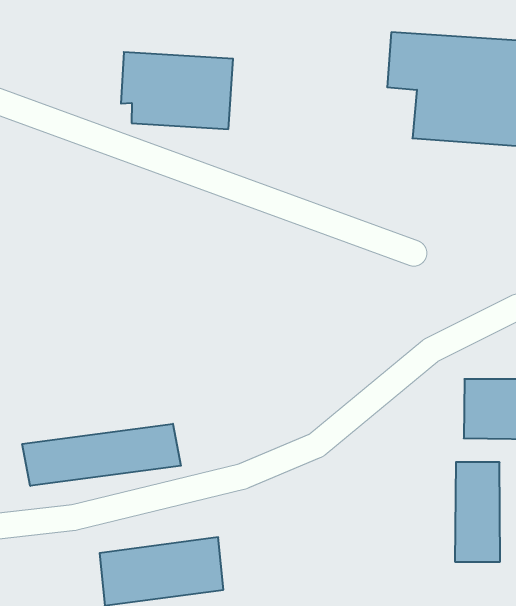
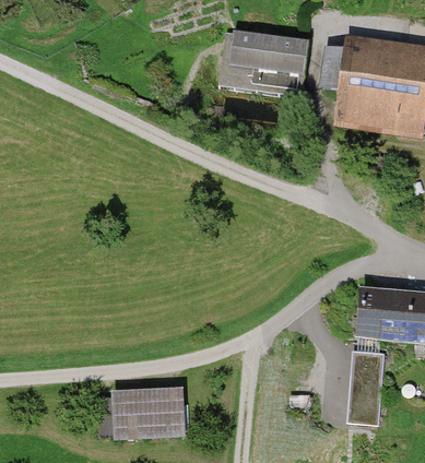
building: [121,52,233,129] -> [228,29,309,88]
building: [22,424,181,486] -> none

